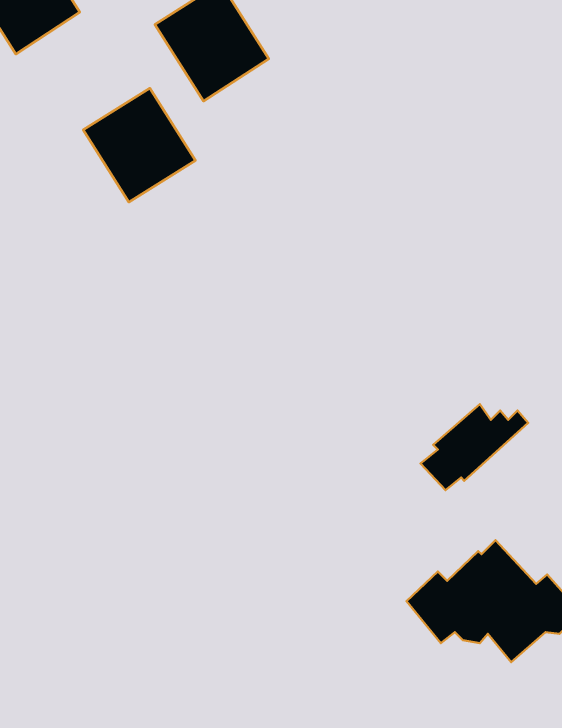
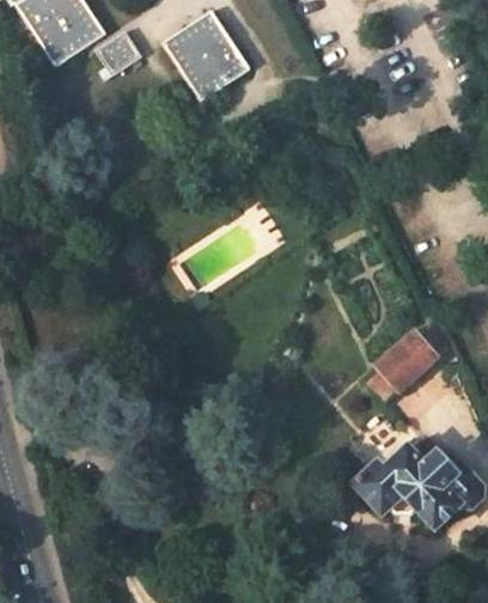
building: none -> [96,30,142,74]
building: [83,88,196,202] -> none

